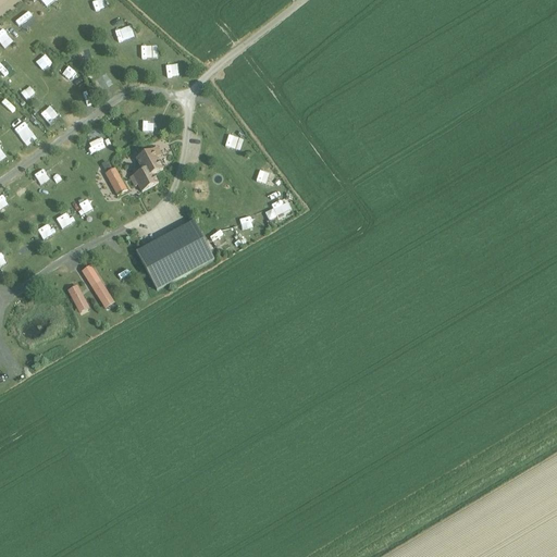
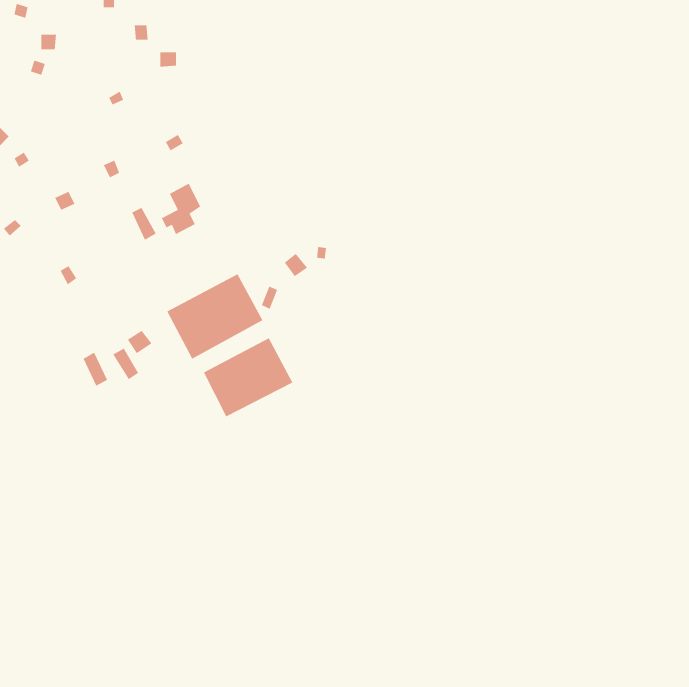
building: none -> [203,337,293,417]

